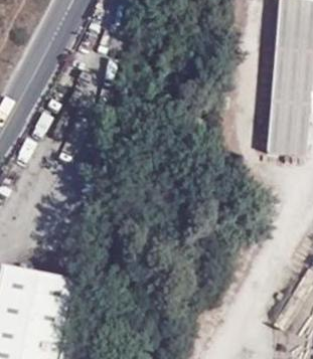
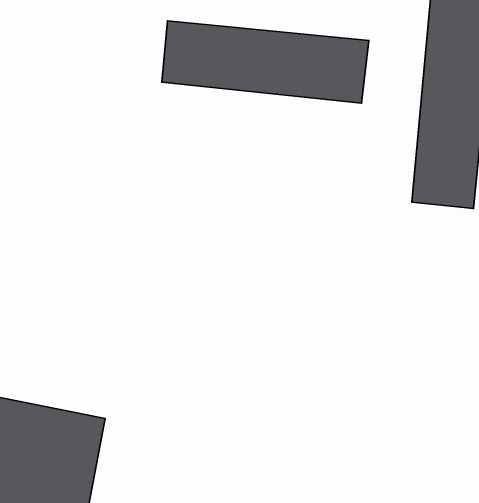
building: none -> [162,21,369,103]

